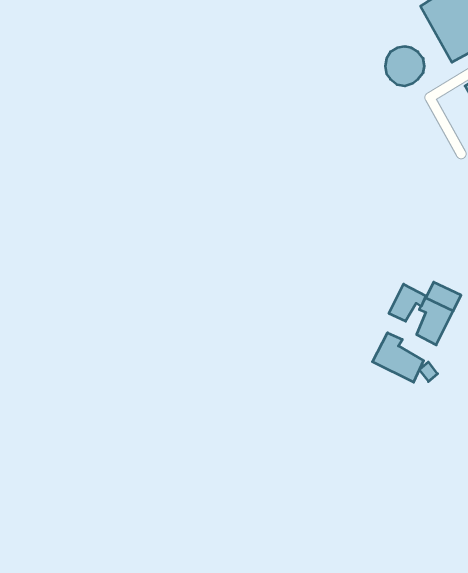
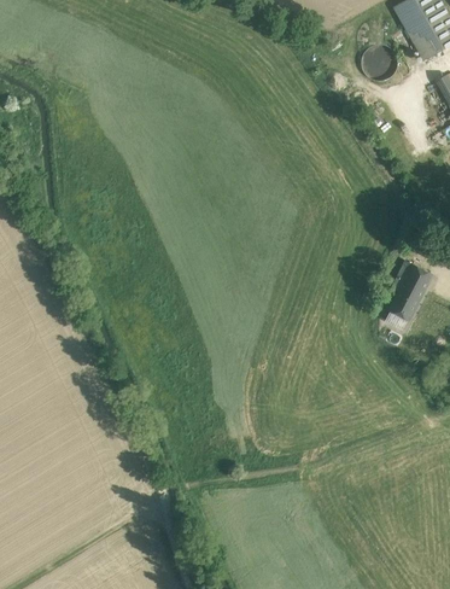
building: [389,284,426,321] -> none
building: [372,333,424,382] -> none

